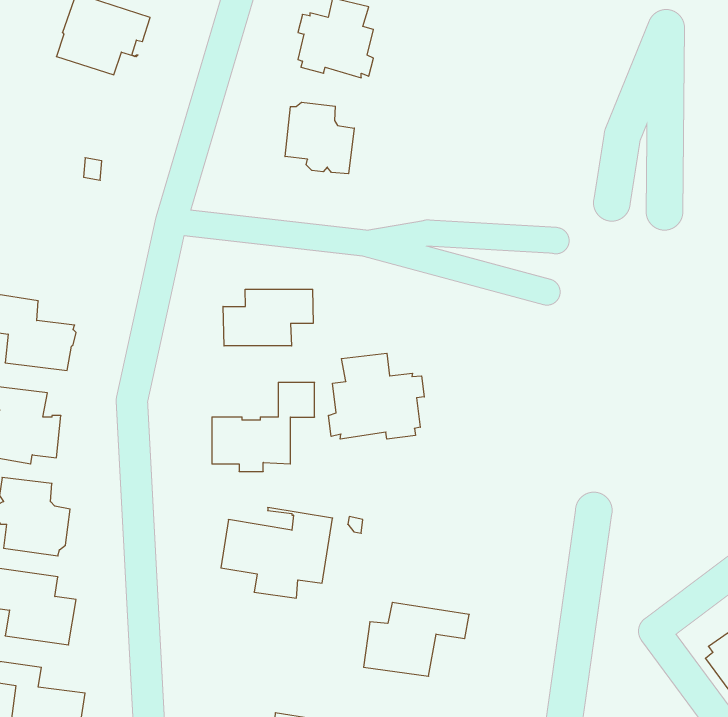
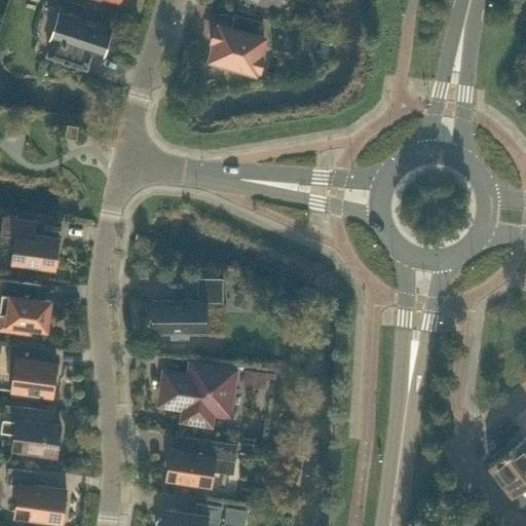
building: [285,102,354,174] -> none
building: [223,289,313,346] -> none
building: [328,353,424,439] -> none
building: [364,602,469,676] -> [166,439,238,489]

